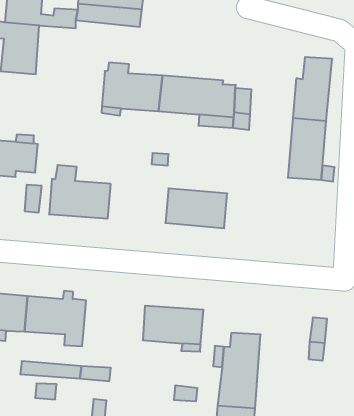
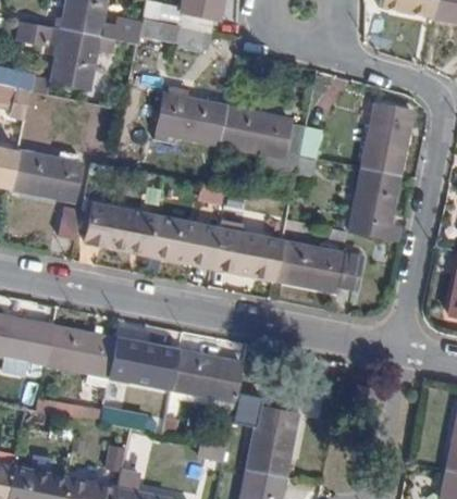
building: none -> [149,216,219,265]
building: none -> [274,241,383,295]
building: none -> [108,339,178,389]

